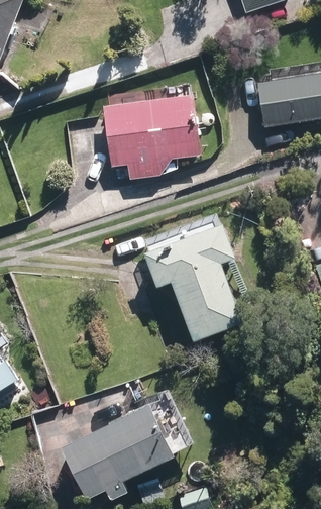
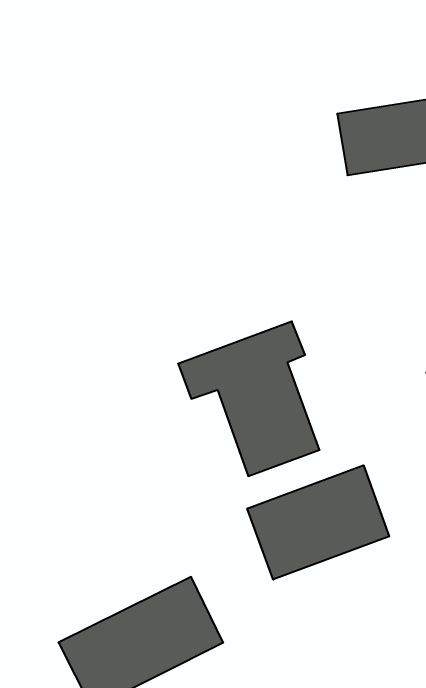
building: [100,96,199,160] -> none
building: none -> [247,465,389,580]

